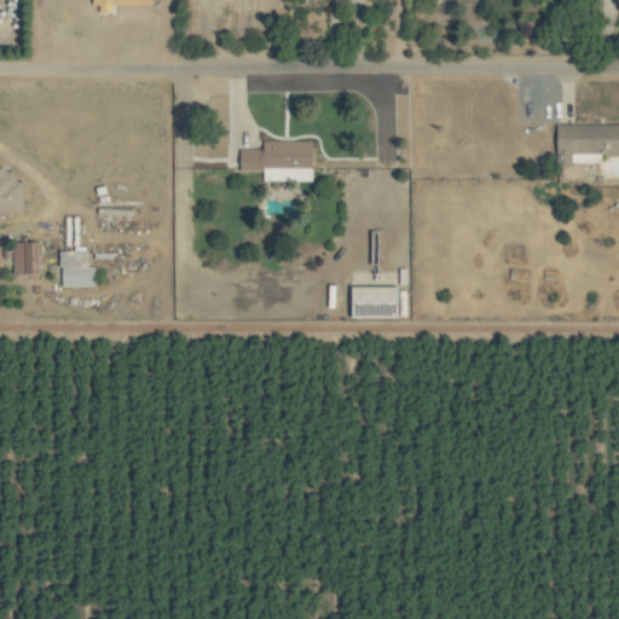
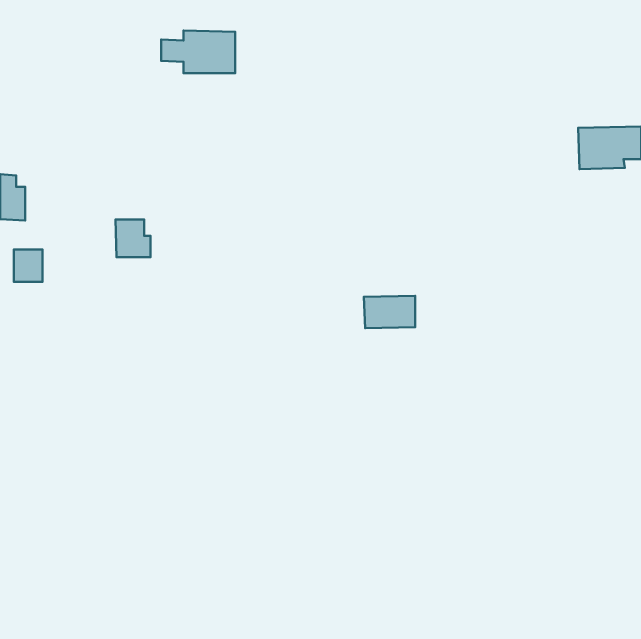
building: [242,139,313,180] -> [161,31,235,73]
building: [62,249,96,285] -> [115,220,151,257]

